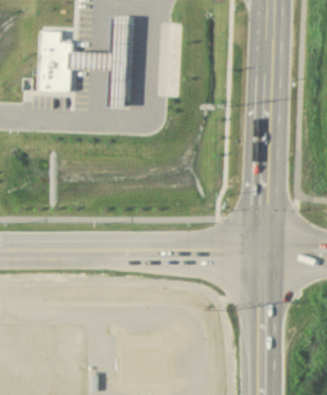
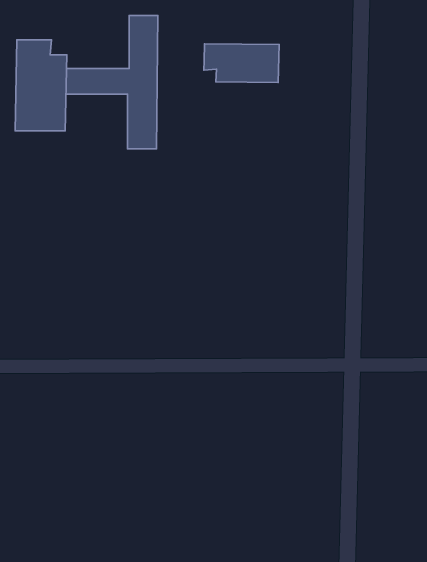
building: none -> [204,44,279,82]

